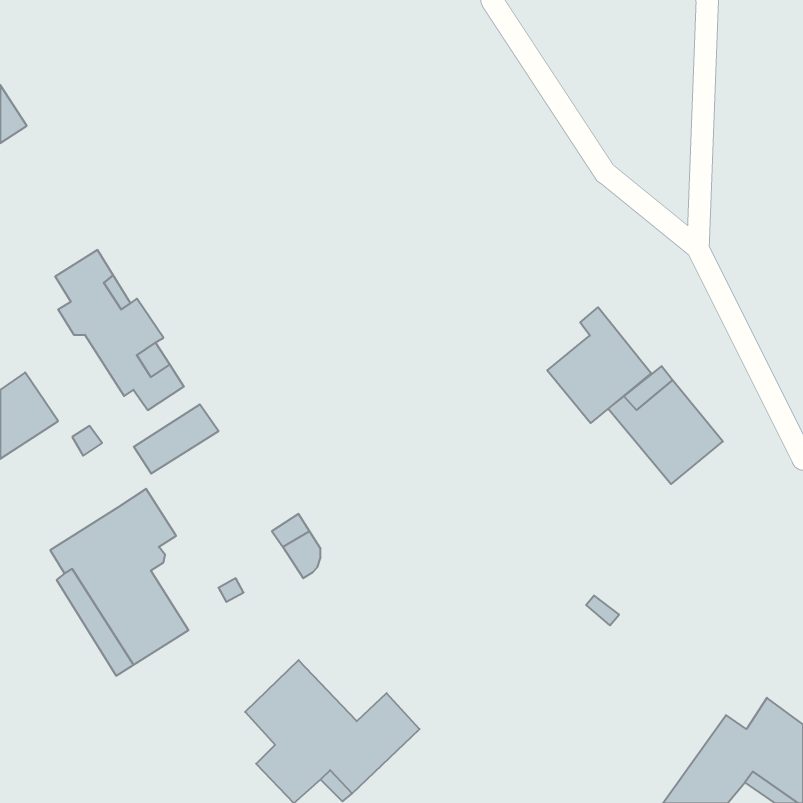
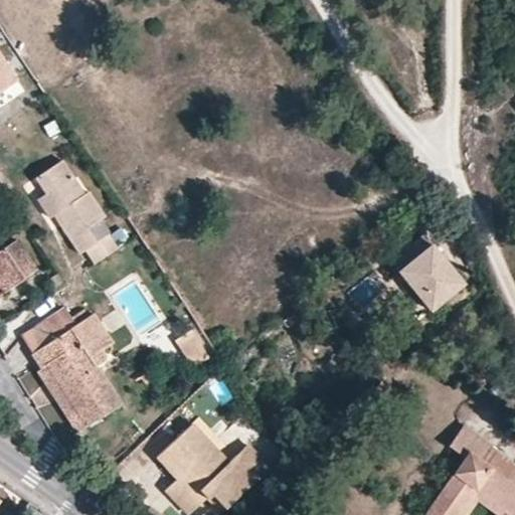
building: [547,307,651,423] -> none
building: [134,404,219,474] -> [21,308,75,352]
building: none -> [448,425,491,467]

